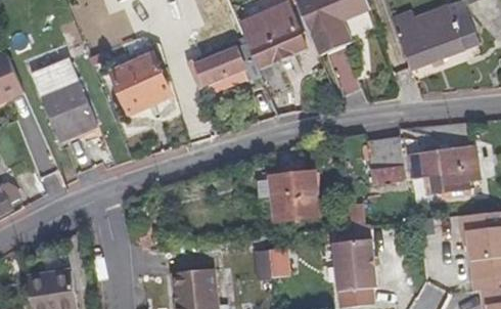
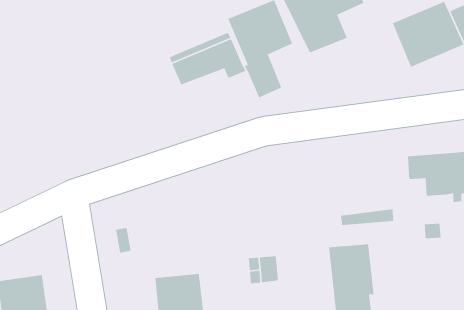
building: [113,56,172,113] -> none
building: [35,60,100,142] -> none
building: [367,136,400,179] -> none
building: [266,171,316,219] -> none

